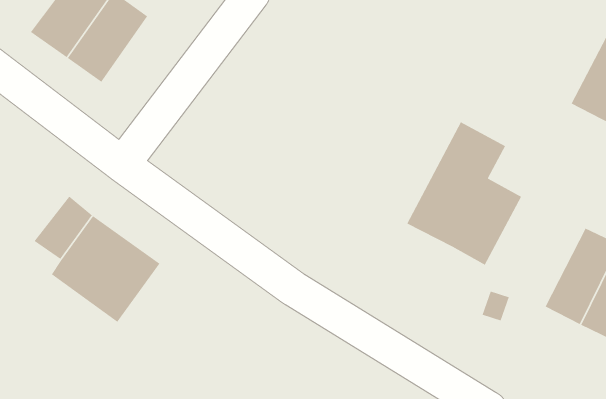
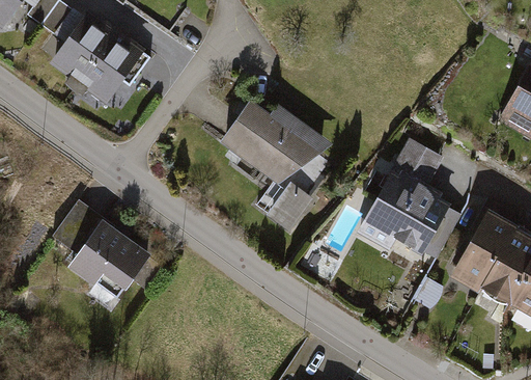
building: none -> [216,100,337,236]
building: none -> [448,211,512,293]

